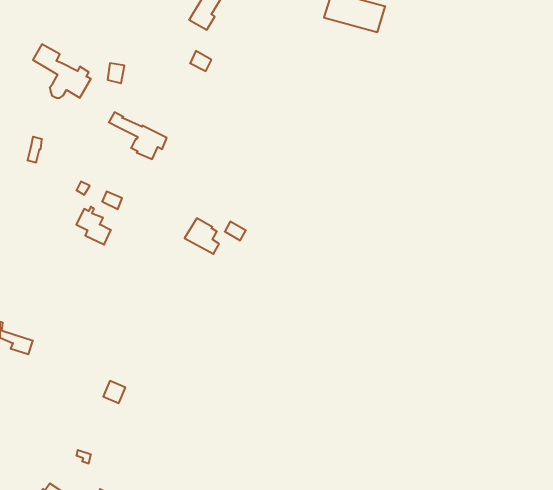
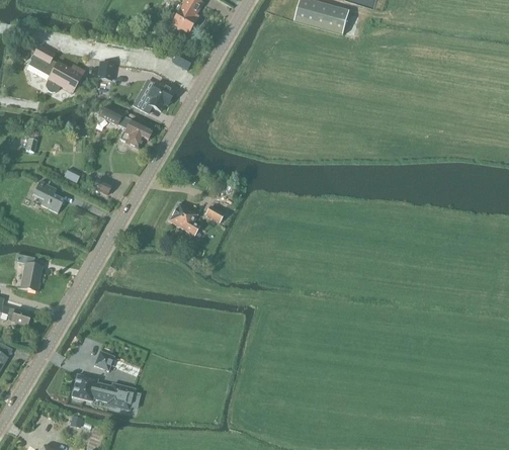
building: none -> [148,80,175,110]
building: [76,207,111,245] -> [32,178,64,212]
building: none -> [11,253,41,290]
building: none -> [72,376,135,413]

